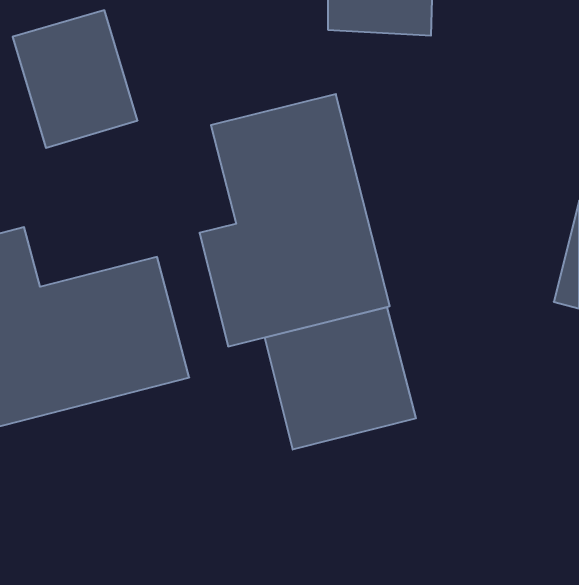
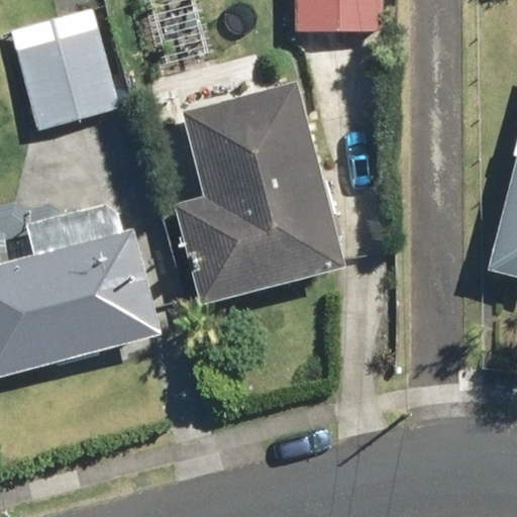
building: [265,307,416,450] -> none

